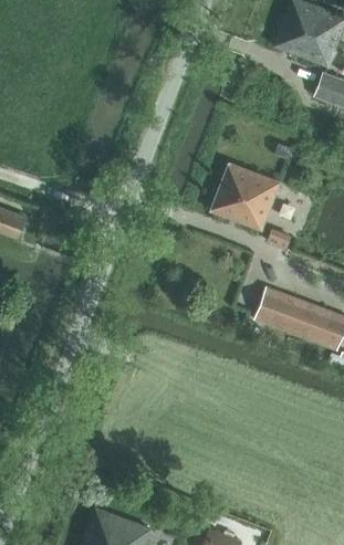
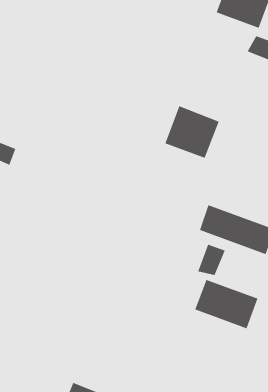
building: none -> [197,244,225,276]
building: none -> [195,279,258,329]

